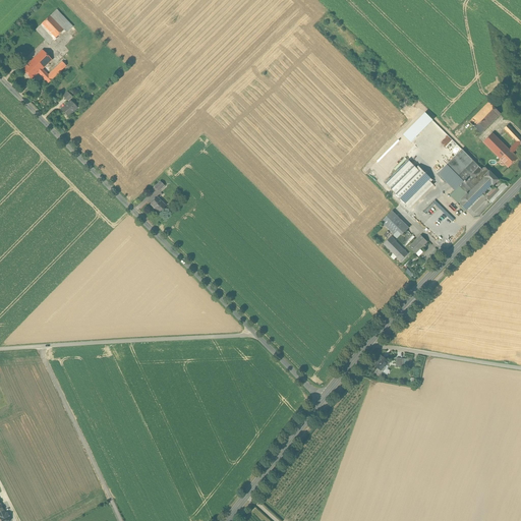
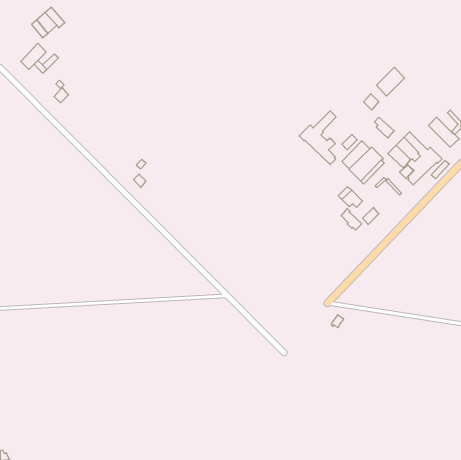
building: [469,101,501,133] -> [377,67,405,96]
building: none -> [299,111,336,165]

